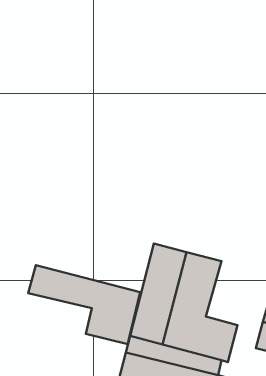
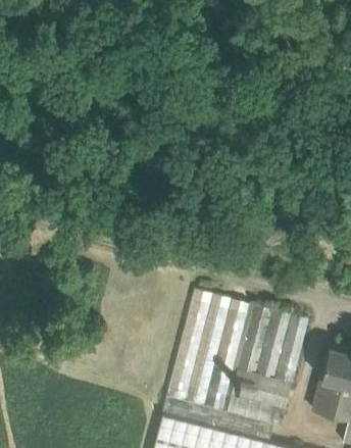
building: none -> [255,311,309,386]
building: [28,265,140,344] -> none

